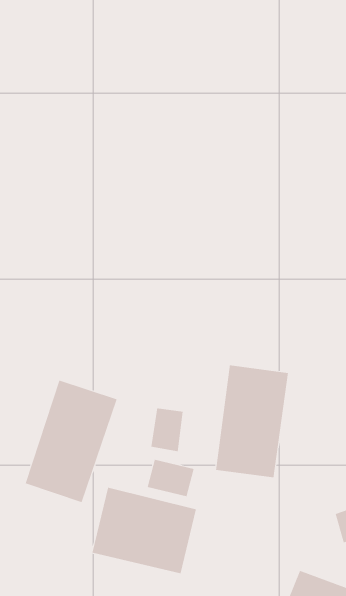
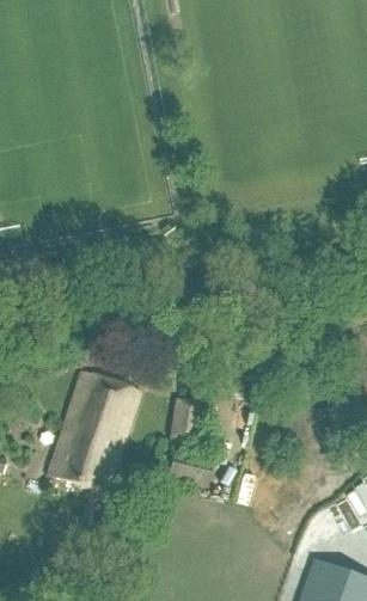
building: [216,364,289,478] -> none
building: [92,487,196,574] -> none

